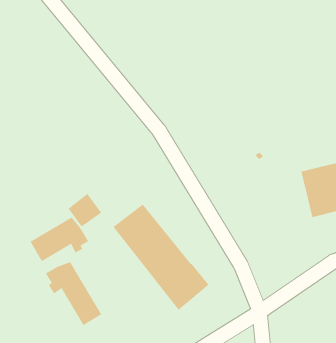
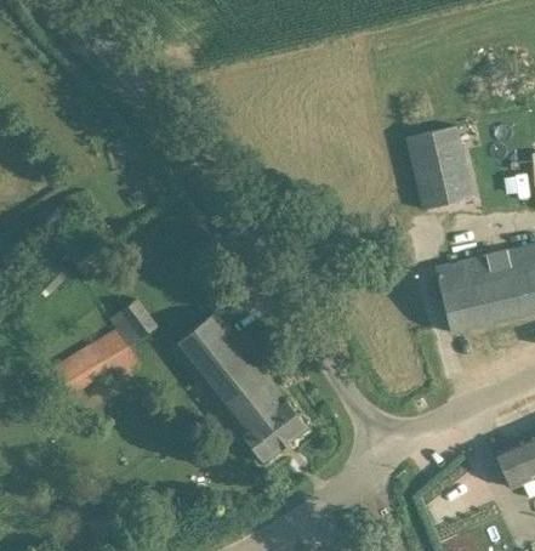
building: none -> [409,125,473,208]
building: [45,261,102,326] -> none

